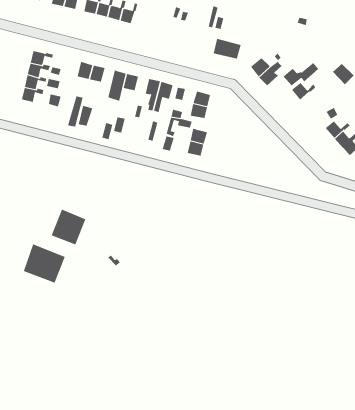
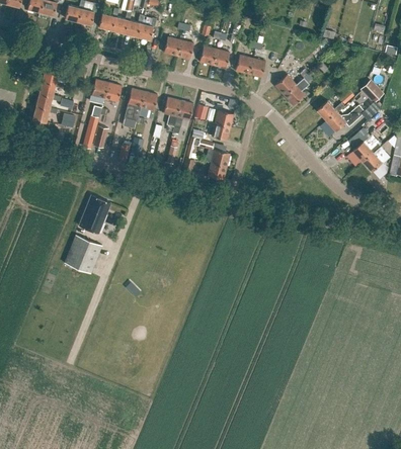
building: none -> [163,36,193,59]
building: none -> [198,46,229,68]
building: [283,62,319,86] -> [327,105,366,130]
building: none -> [79,195,109,234]
building: [23,244,66,283] -> none

